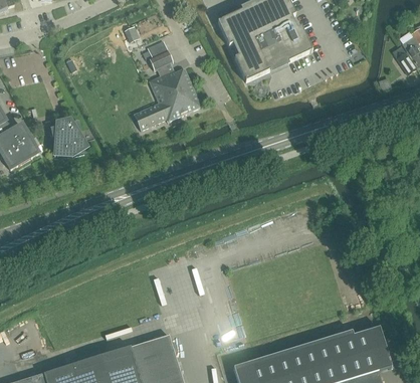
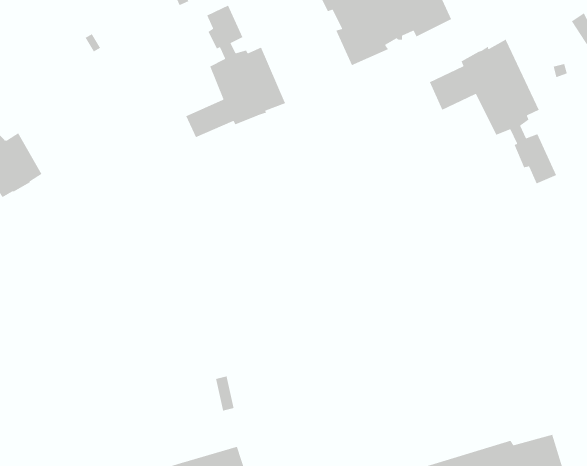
building: none -> [429,38,557,184]
building: [49,120,84,155] -> none

